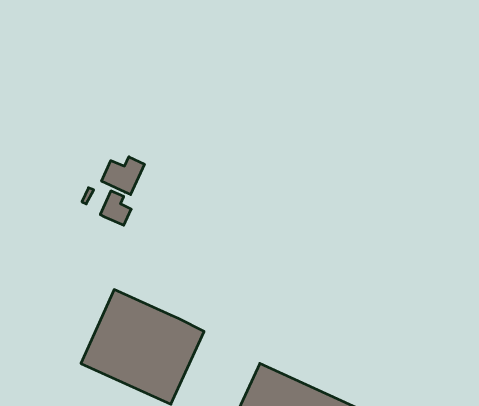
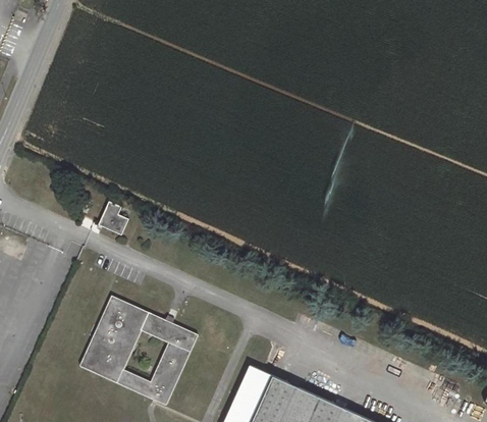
building: [102,157,144,195] -> none

